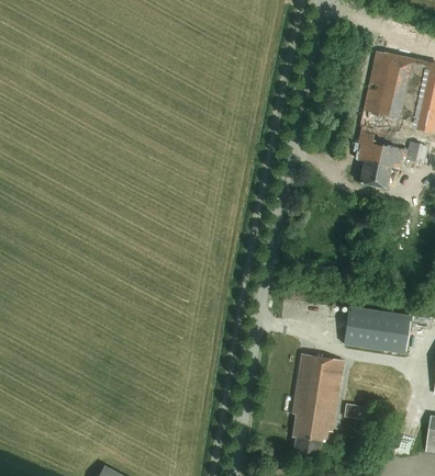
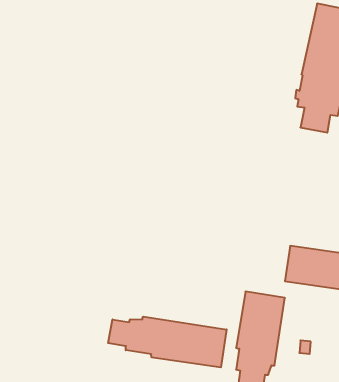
building: none -> [108,317,227,367]

